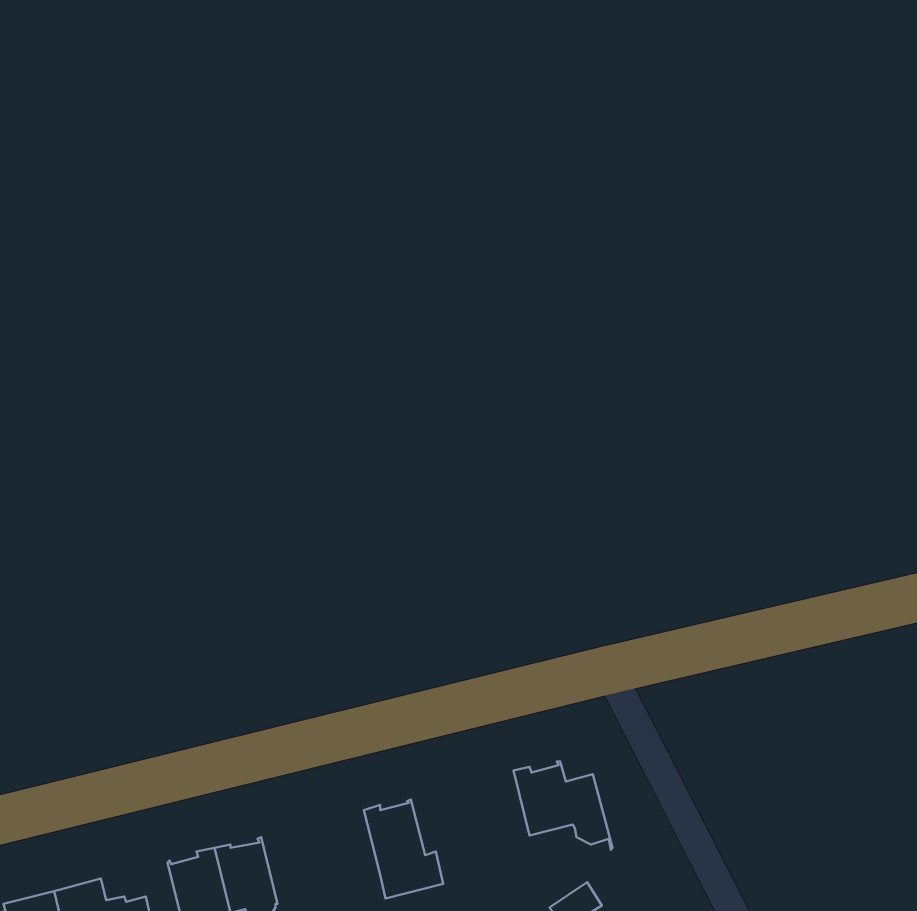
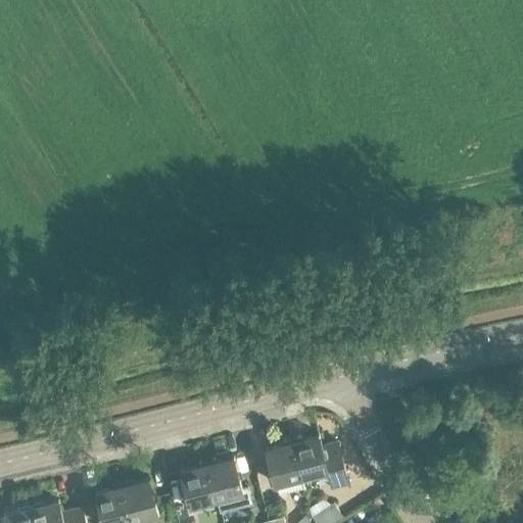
building: none -> [265,442,300,486]
building: none -> [180,465,216,510]

